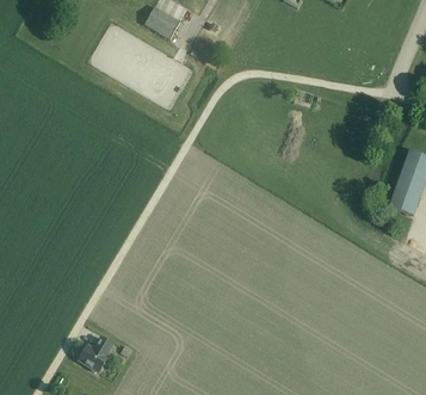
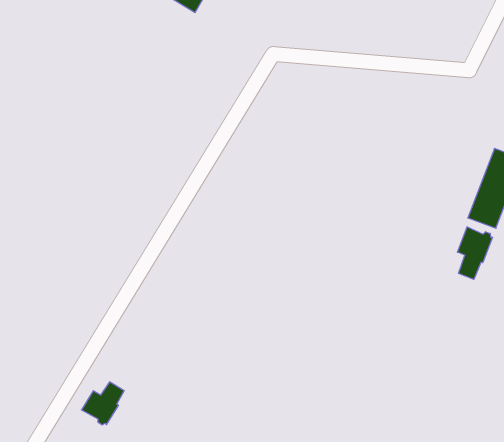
building: none -> [457,227,493,279]

